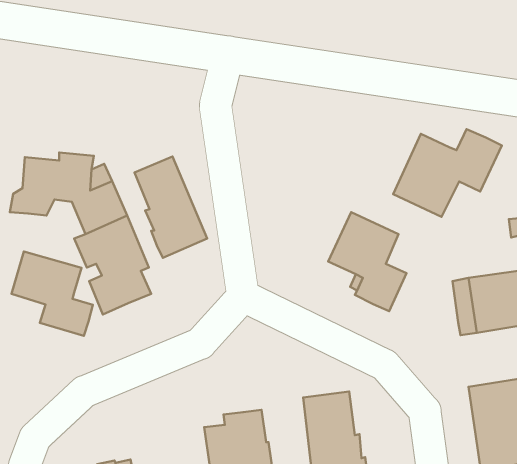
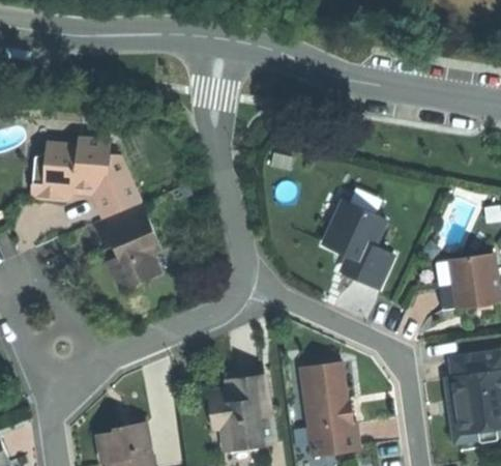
building: [393,129,502,217] -> none
building: [134,157,207,258] -> none
building: [12,251,93,336] -> none

